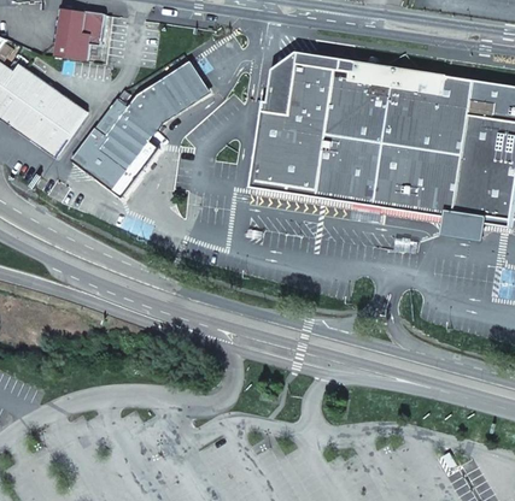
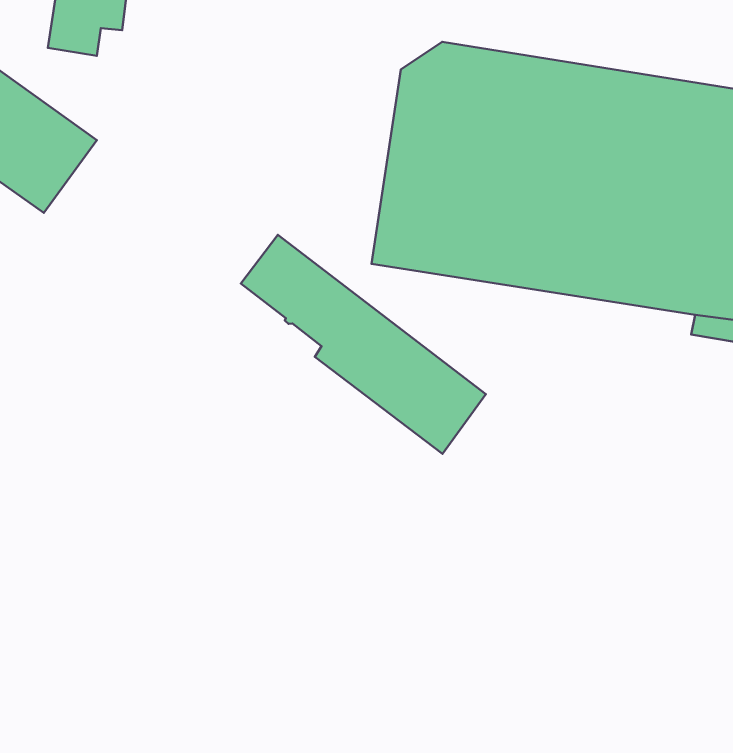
building: [71,64,201,195] -> none
building: none -> [241,235,486,454]

